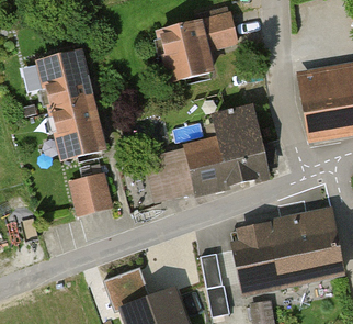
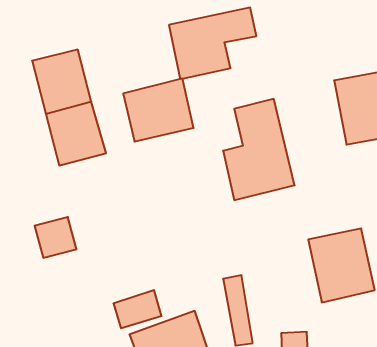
building: [150,143,213,199] -> [123,79,194,142]
building: [71,174,109,210] -> [35,217,77,258]
building: [230,222,291,288] -> none

